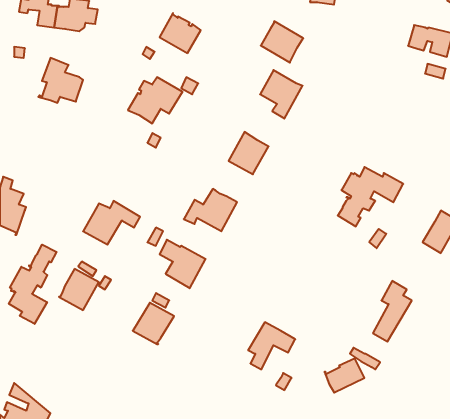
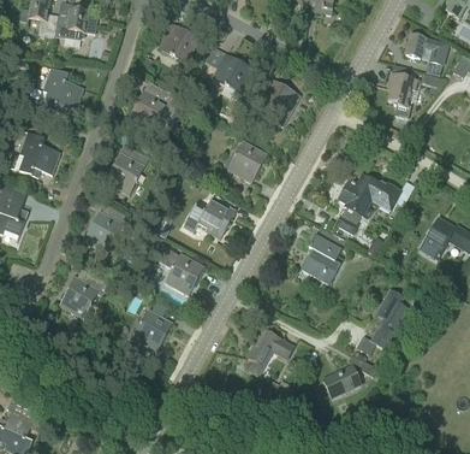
building: [261,21,303,63] -> [212,52,254,93]
building: none -> [387,72,417,118]
building: none -> [13,131,60,175]
building: none -> [105,151,147,194]
building: none -> [302,234,343,284]
building: [9,245,57,324] -> none

